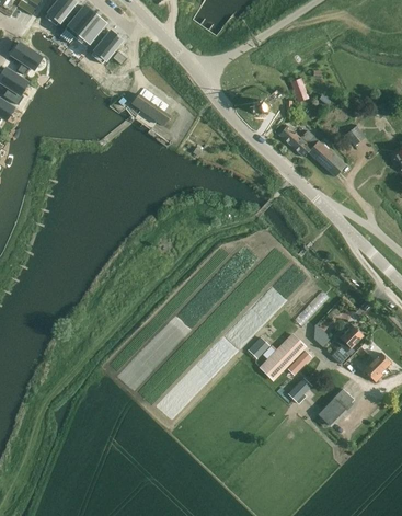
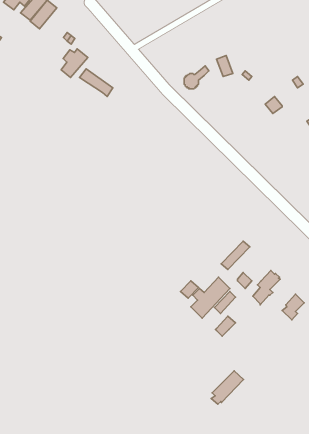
building: [91,31,122,64] -> [61,49,88,77]
building: [278,125,345,176] -> none
building: [317,389,354,427] -> [211,371,244,404]

